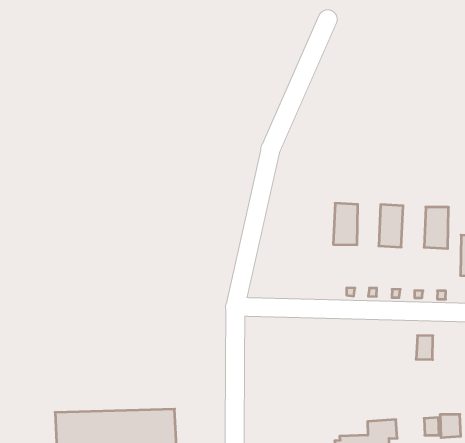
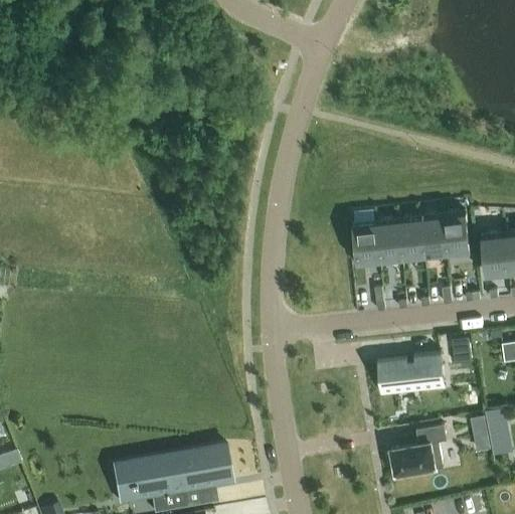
building: none -> [376,218,402,261]
building: none -> [420,214,447,256]
building: none -> [377,352,446,396]

